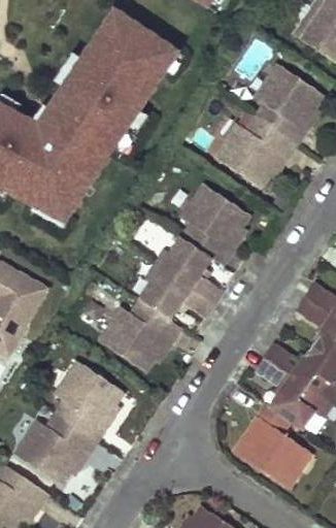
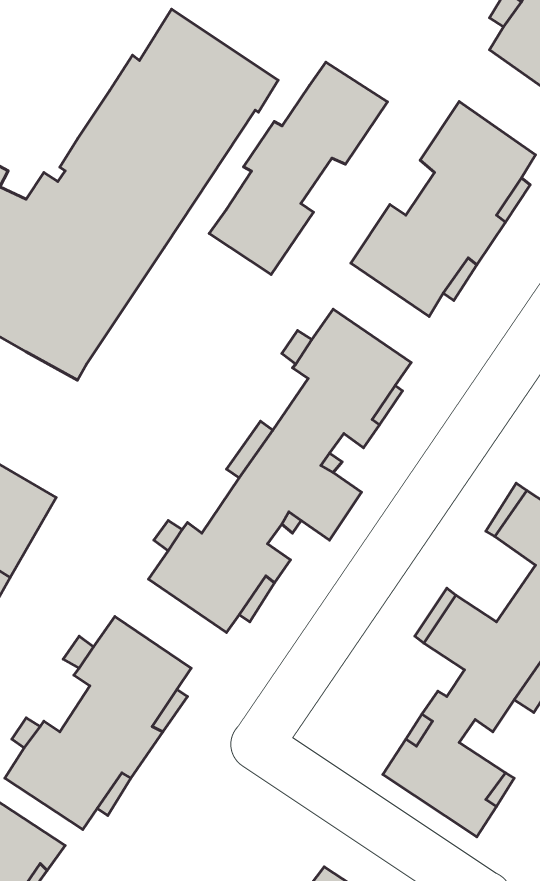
building: none -> [209,62,388,275]

